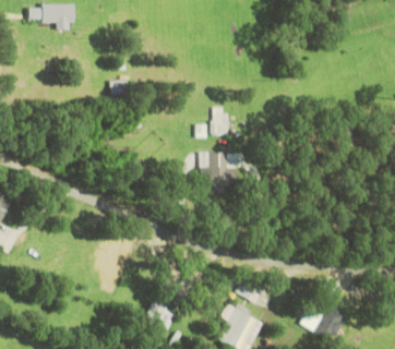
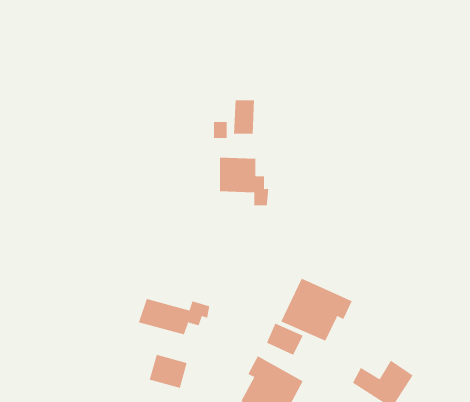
building: none -> [281,278,353,342]
building: none -> [138,298,210,335]

